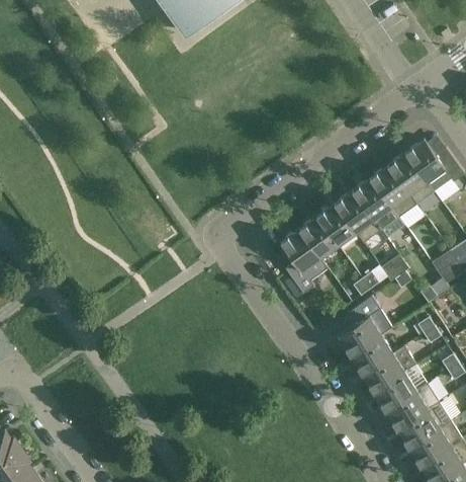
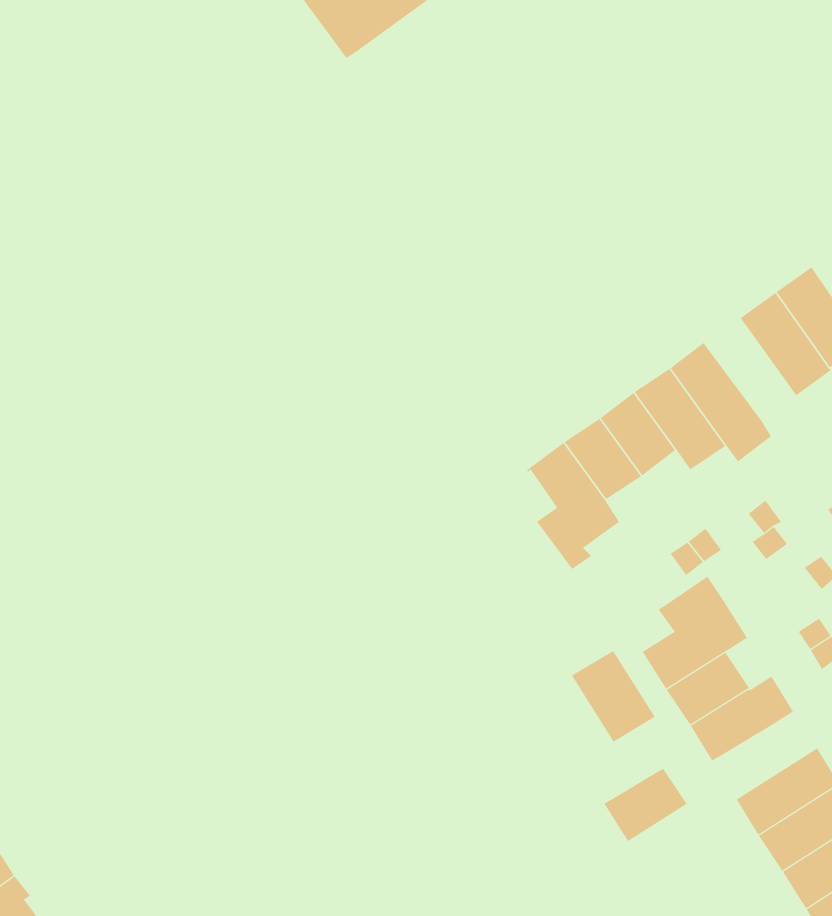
building: [369,166,415,218] -> none
building: none -> [571,650,656,742]
building: [373,373,415,410] -> [604,768,687,842]

